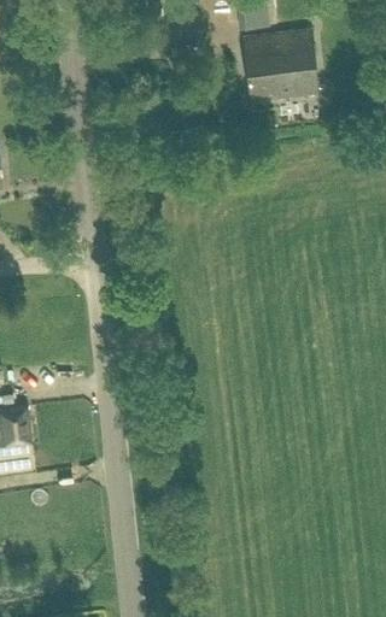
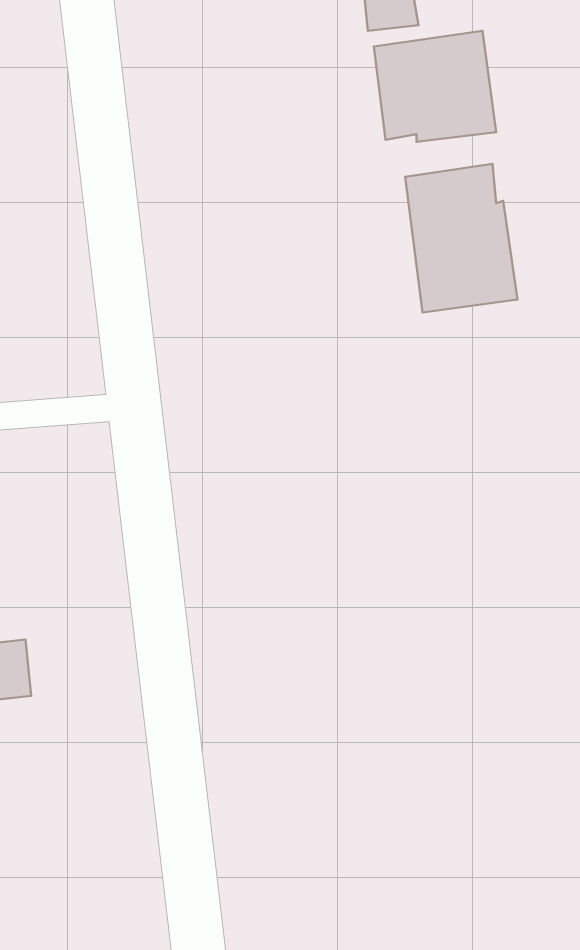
building: none -> [405,164,517,312]

